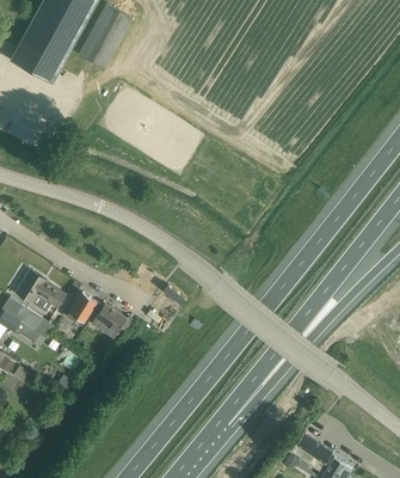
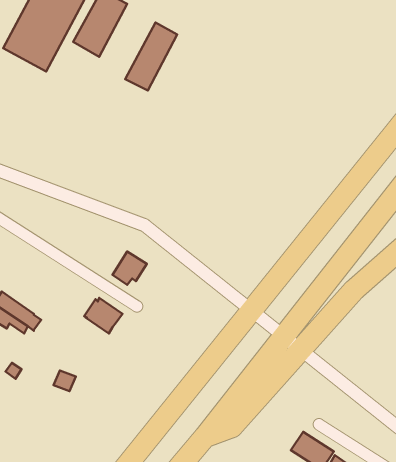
building: none -> [125,23,177,90]
building: [16,269,66,311] -> none
building: [67,292,100,324] -> [112,252,147,285]

